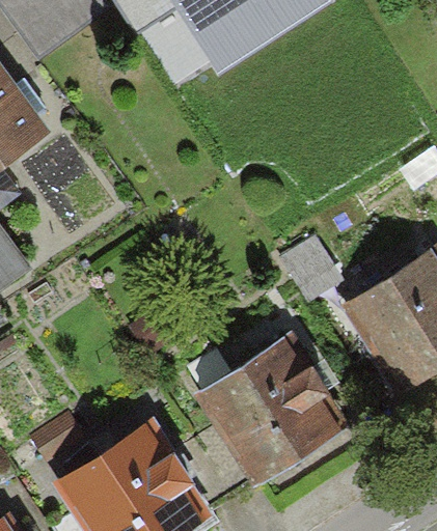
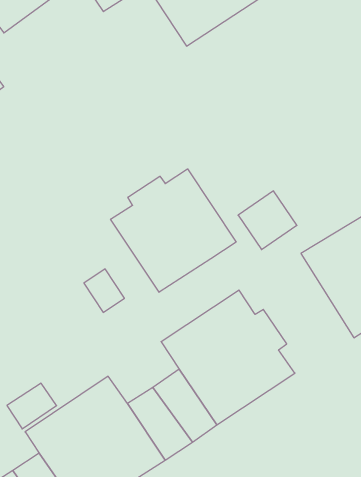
building: none -> [111,169,236,292]

